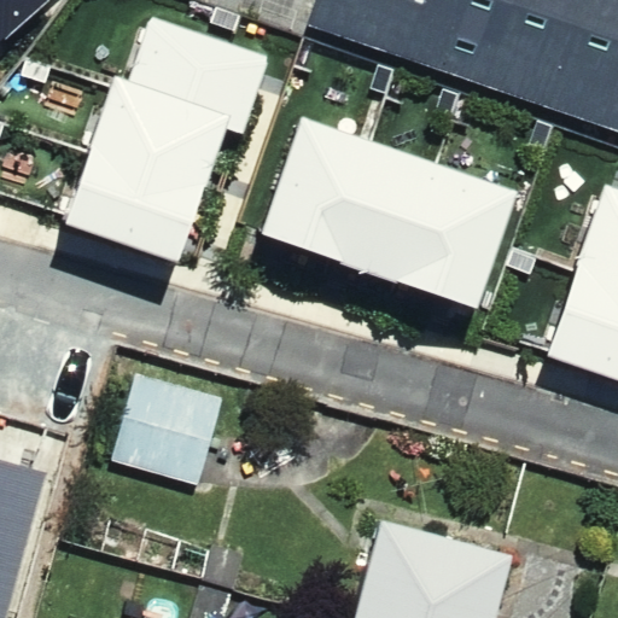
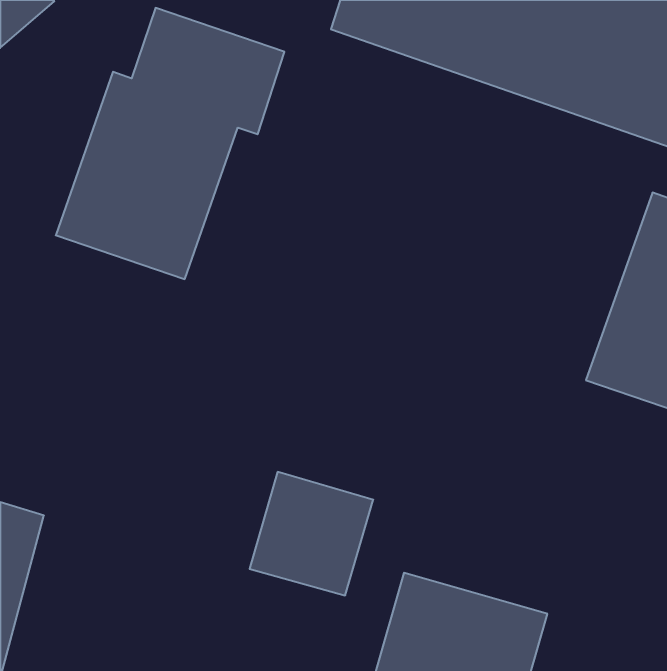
building: [257,112,515,304] -> none
building: [116,371,228,483] -> [250,472,373,595]

